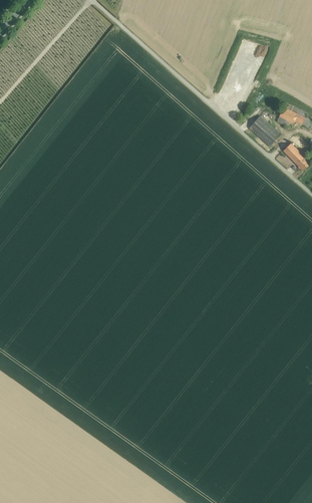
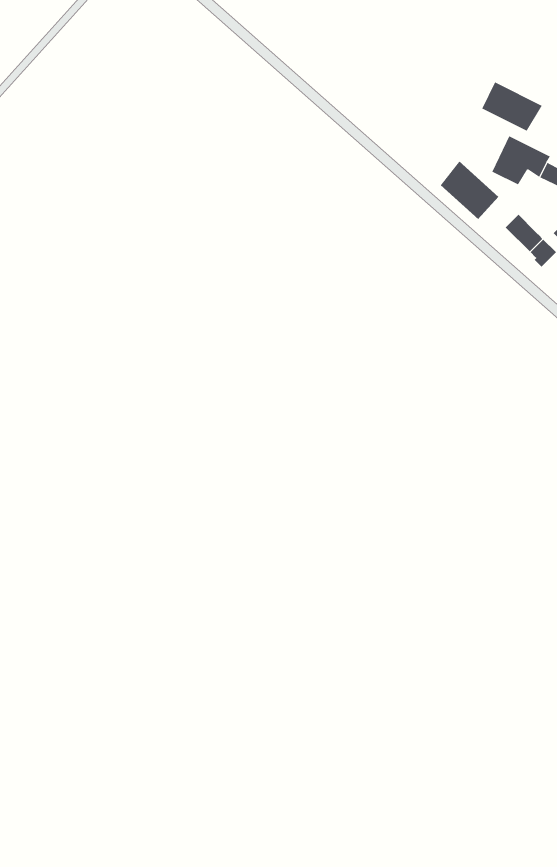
building: none -> [482,82,543,132]

